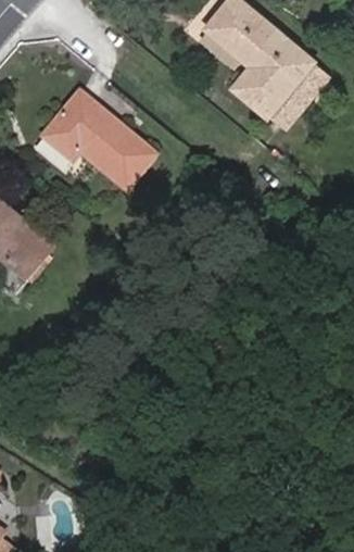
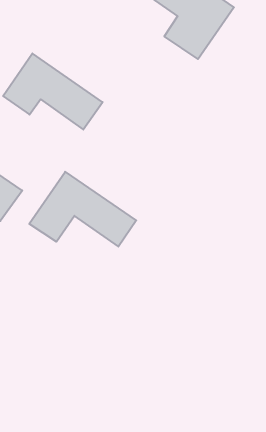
building: [266,60,330,129] -> none
building: none -> [29,172,136,247]

